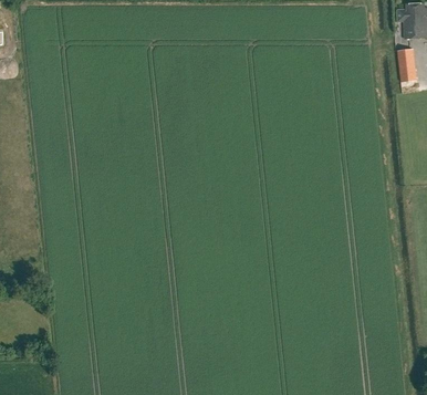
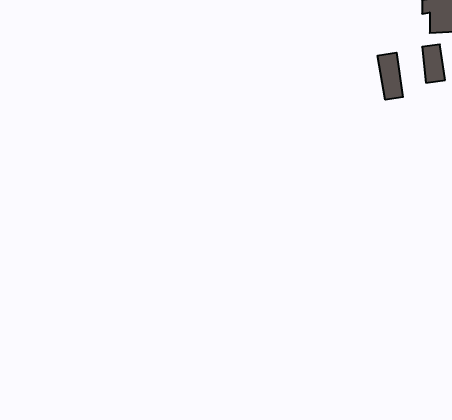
building: none -> [378,53,403,100]

